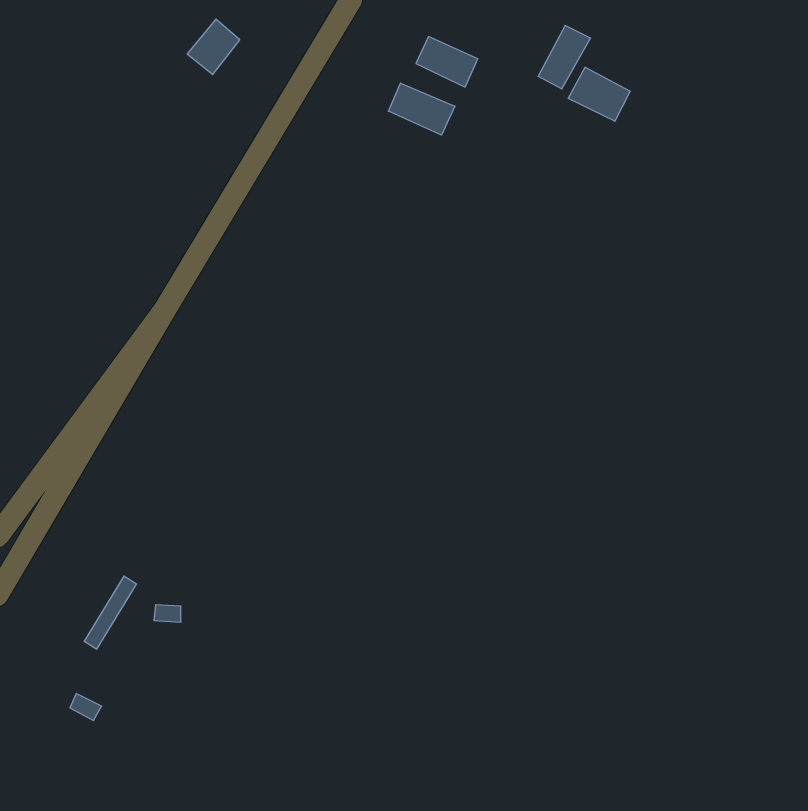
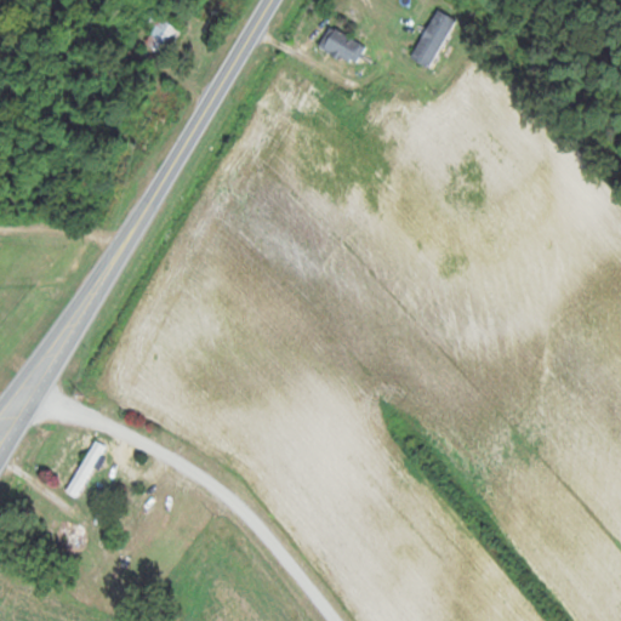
building: [568,67,630,121] -> none
building: [388,83,455,135] -> none

